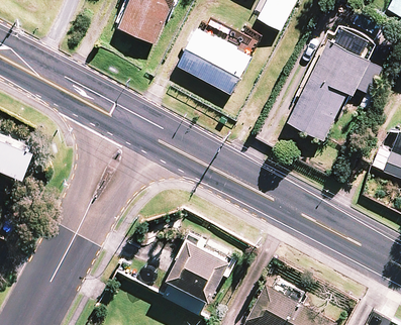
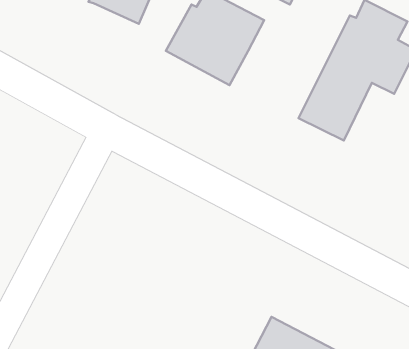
building: [167,238,229,300] -> none

